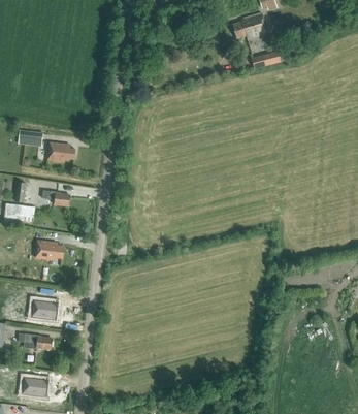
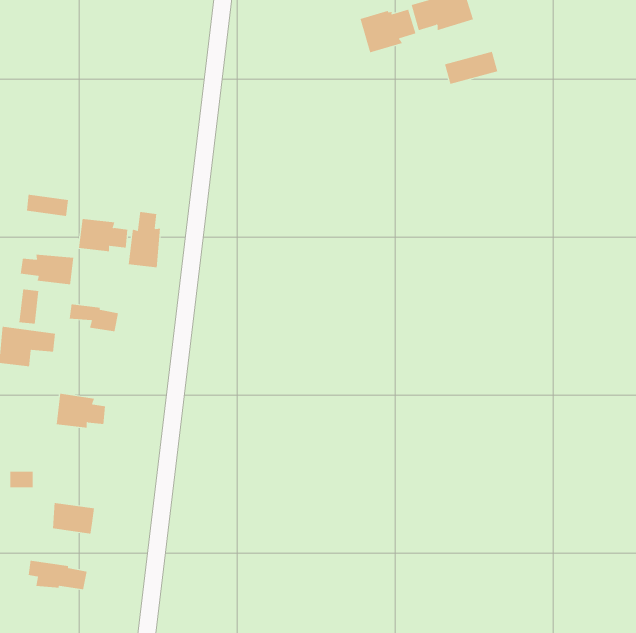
building: none -> [360,9,416,53]
building: none -> [128,211,161,268]
building: none -> [20,254,74,285]

